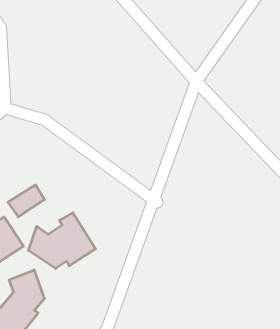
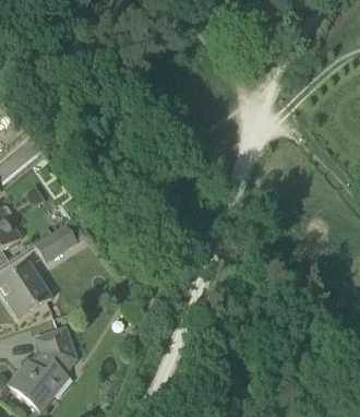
building: [28,213,96,269] -> none

